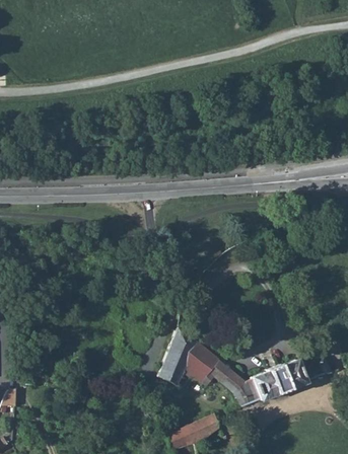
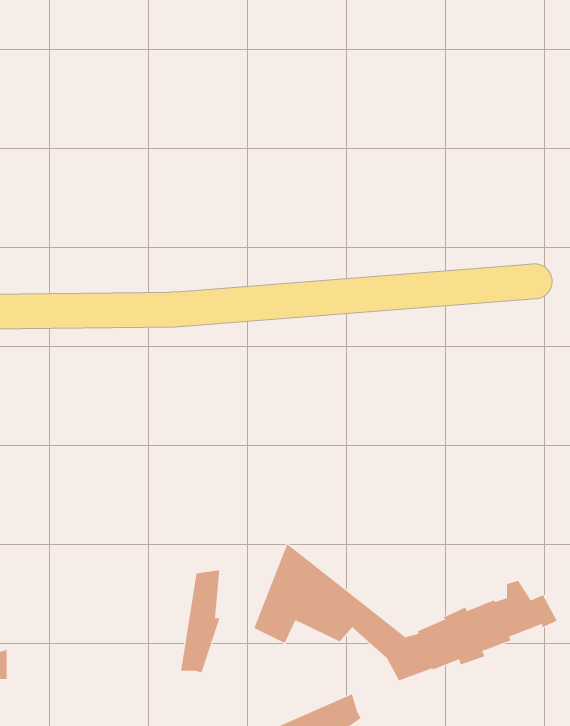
building: none -> [180,569,220,673]

